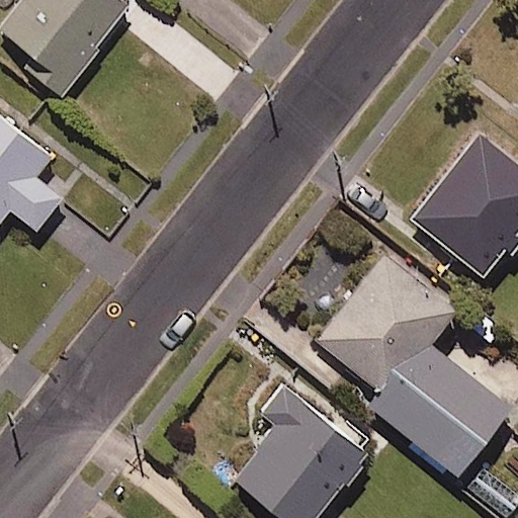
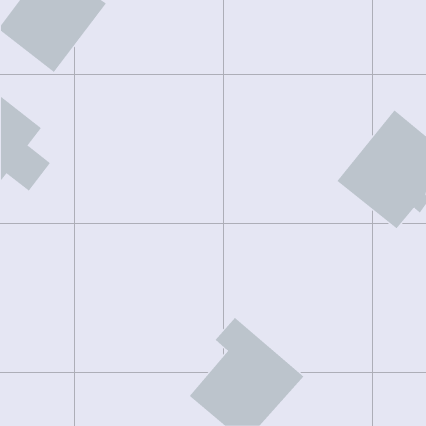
building: [315,255,510,478] -> none

